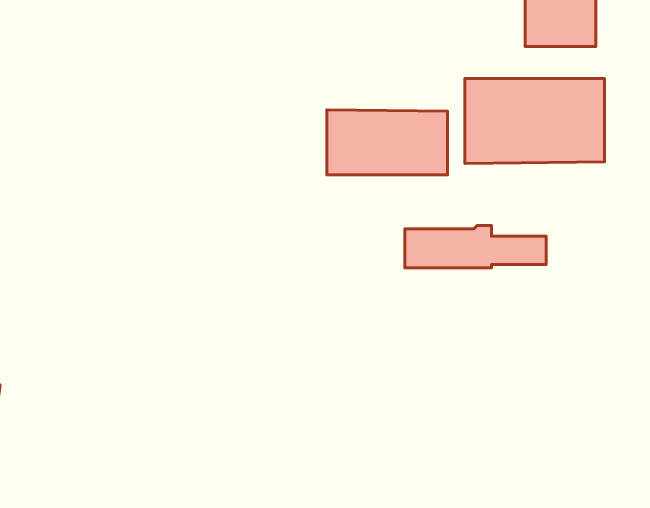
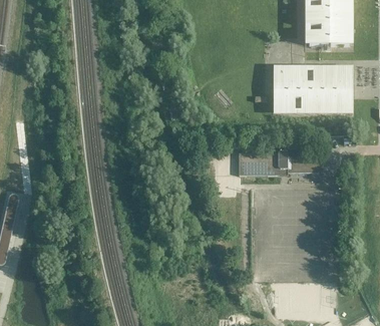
building: [327,110,448,175] -> none

